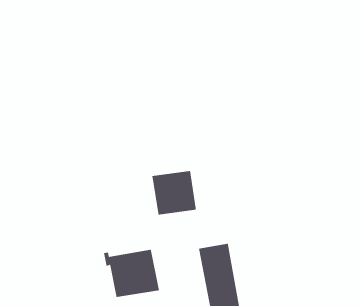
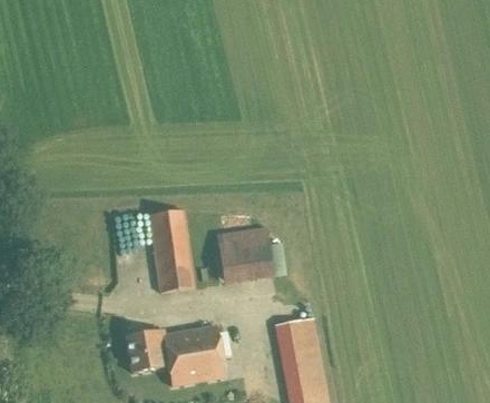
building: none -> [150,209,195,292]
building: none -> [127,330,164,372]

